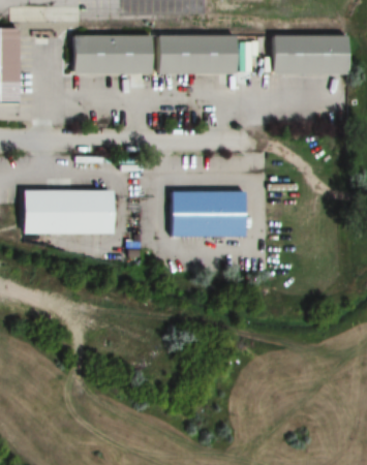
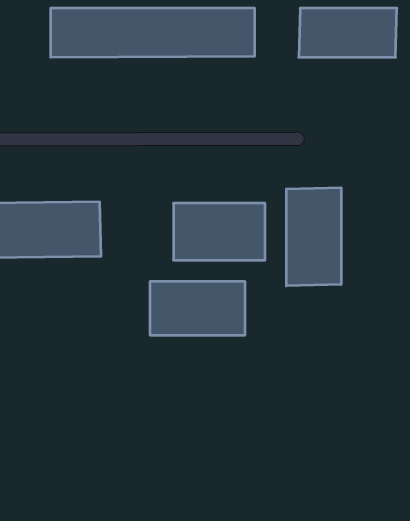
building: none -> [286,188,341,286]
building: none -> [150,281,245,335]

